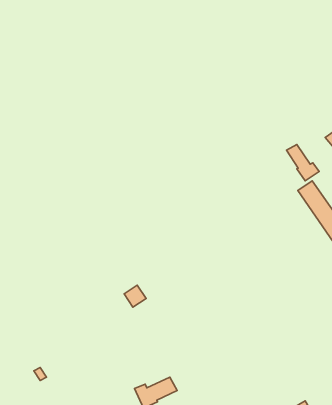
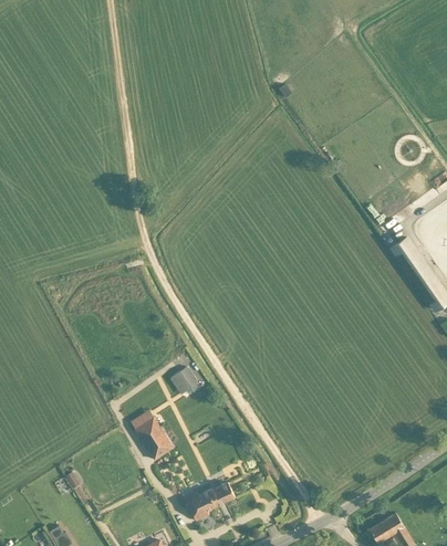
building: [287,144,319,181] -> none
building: none -> [132,410,176,461]

